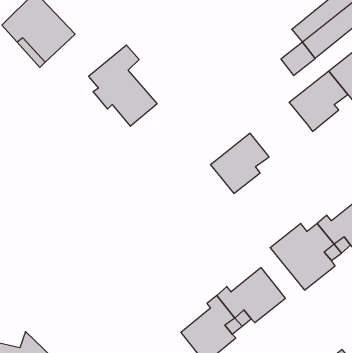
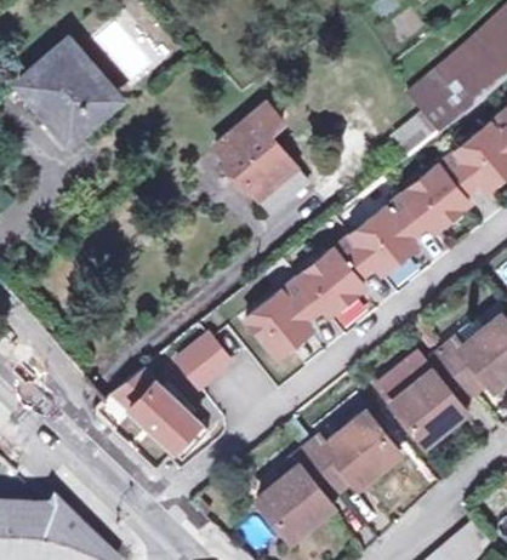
building: [89,45,157,126] -> [213,102,306,211]
building: none -> [352,192,429,272]
building: none -> [246,275,324,355]
building: none -> [176,332,232,387]
building: none -> [114,368,207,459]

